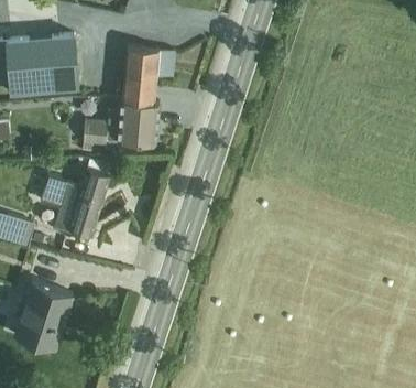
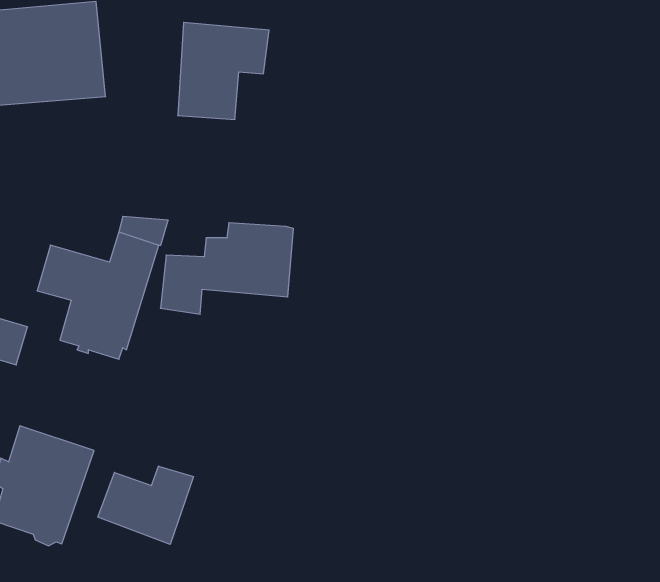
building: [81,100,158,153] -> [160,223,293,314]
building: none -> [98,466,194,544]

